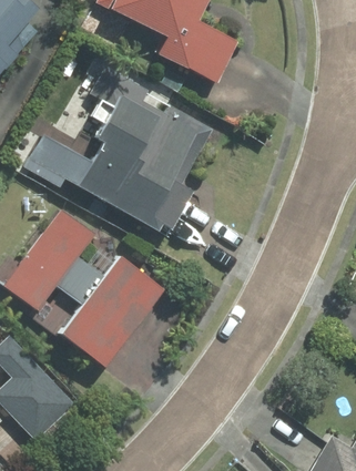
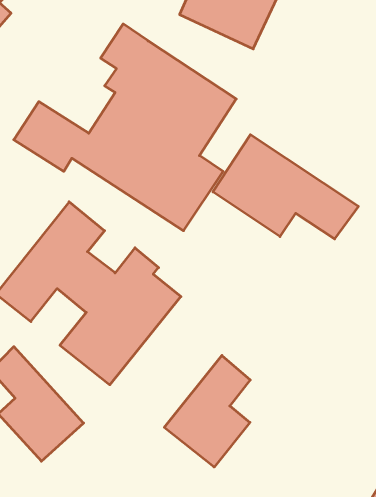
building: none -> [213,135,358,239]
building: none -> [164,355,250,467]

